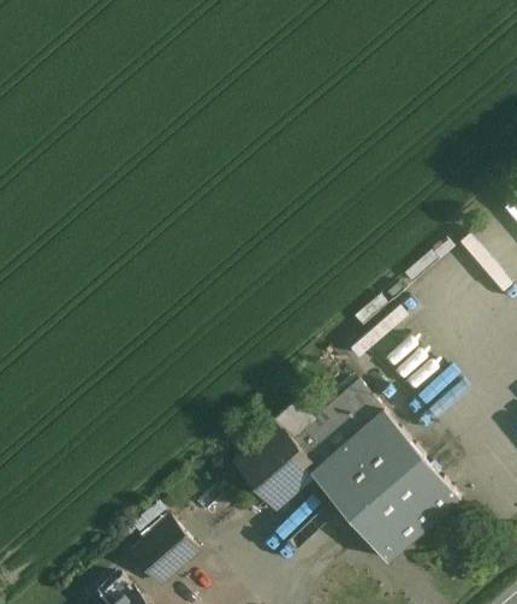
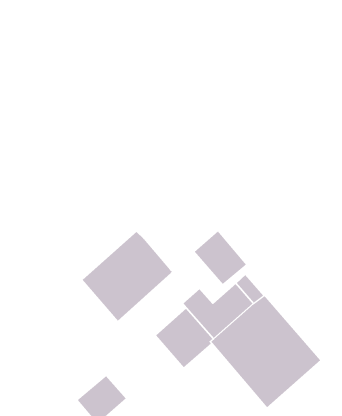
building: none -> [194,231,247,285]
building: none -> [82,231,173,321]

